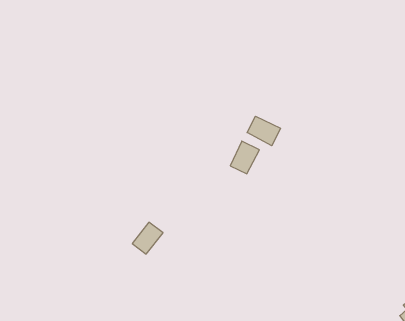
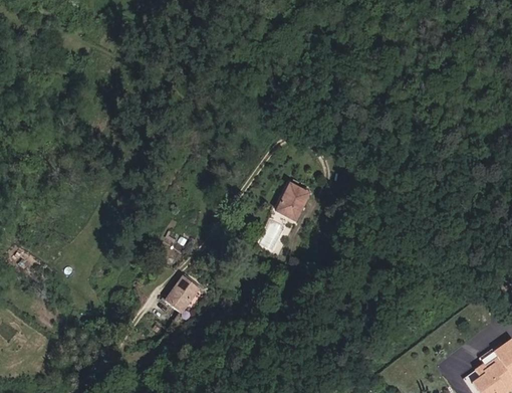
building: [247,116,281,146] -> none

